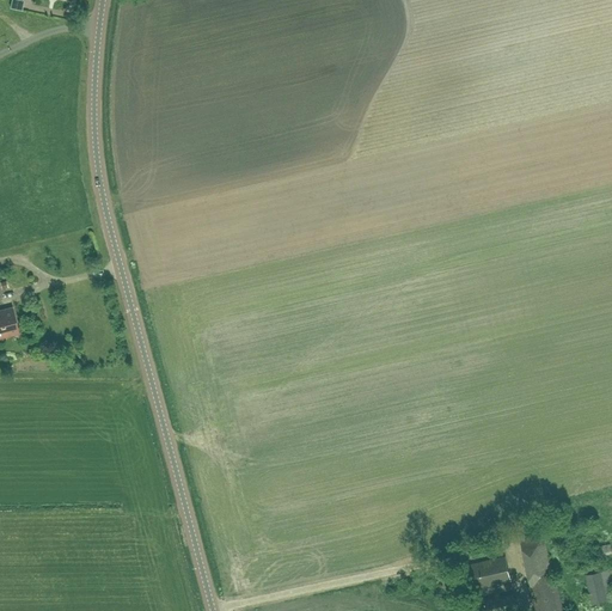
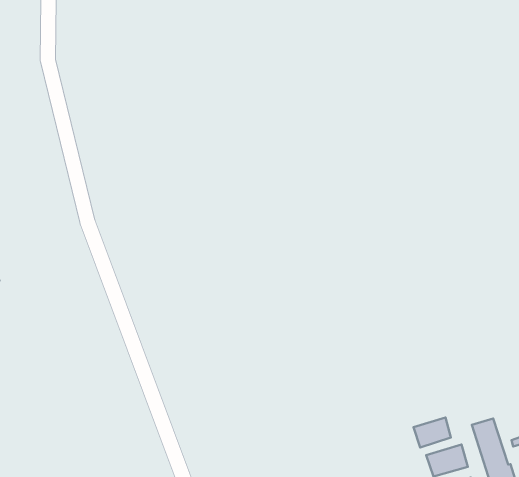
building: none -> [413,418,451,448]

